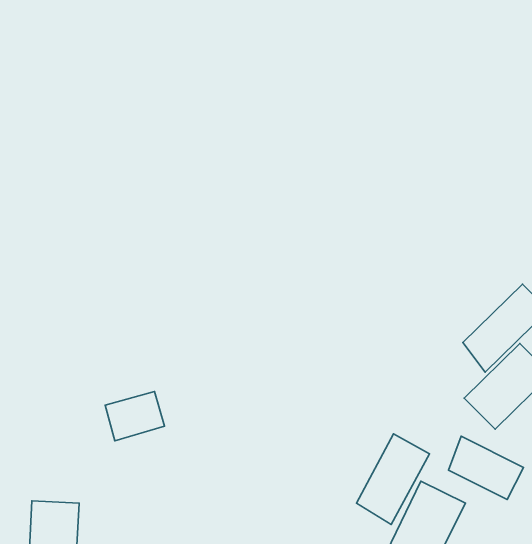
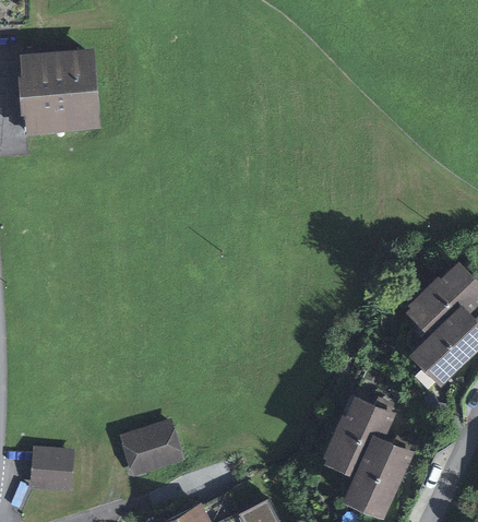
building: none -> [22,60,94,129]
building: [105,391,164,441] -> [126,428,178,472]
building: [449,436,523,499] -> none

